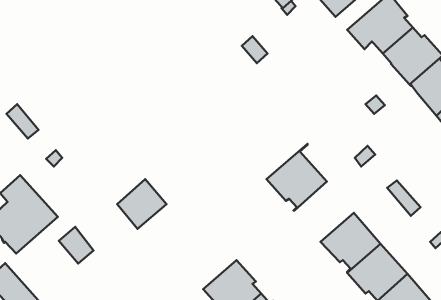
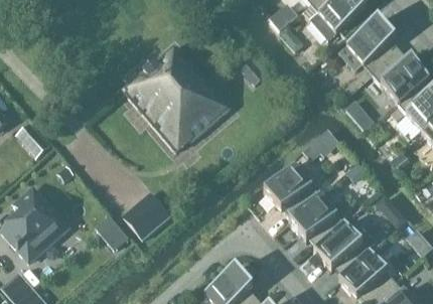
building: none -> [124,42,230,149]
building: none -> [302,127,339,158]
building: none -> [290,192,345,249]
building: [59,227,93,263] -> [95,214,127,249]

